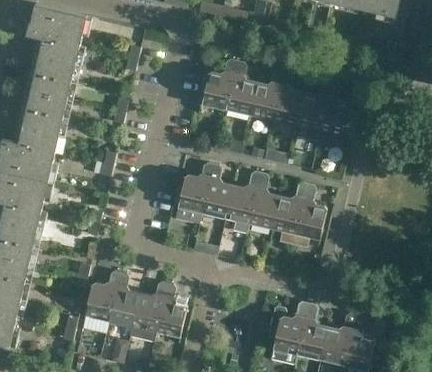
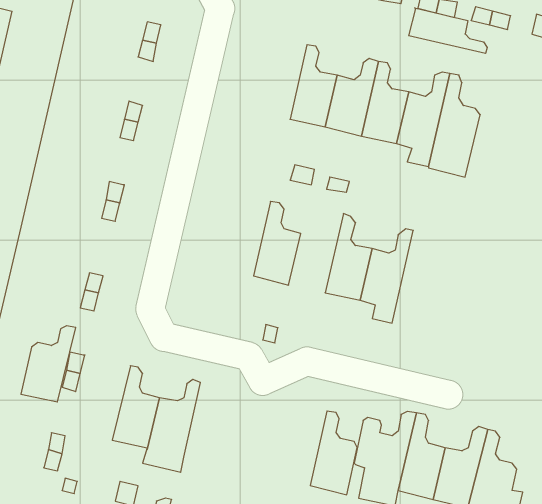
building: none -> [409,8,487,53]
building: [201,60,236,110] -> none
building: [174,163,212,224] -> none
building: [224,171,260,233] -> none
building: [292,183,326,247] -> none
building: [84,271,120,321] -> [21,326,76,402]
building: [155,283,186,338] -> [310,411,357,495]

